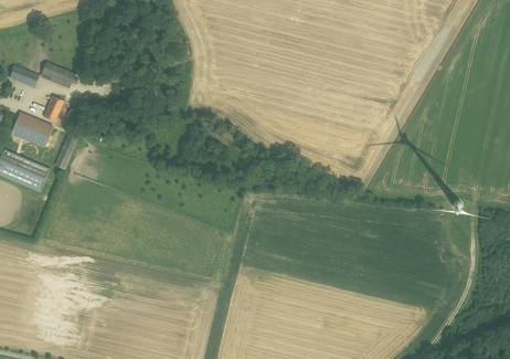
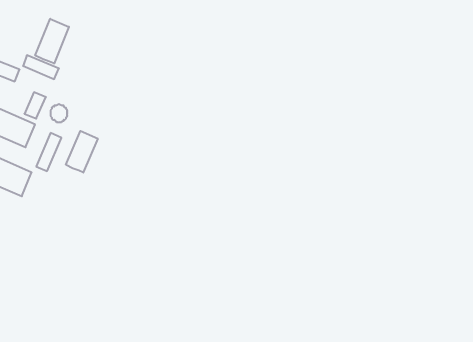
building: none -> [35,19,69,64]
building: none -> [66,131,98,173]

